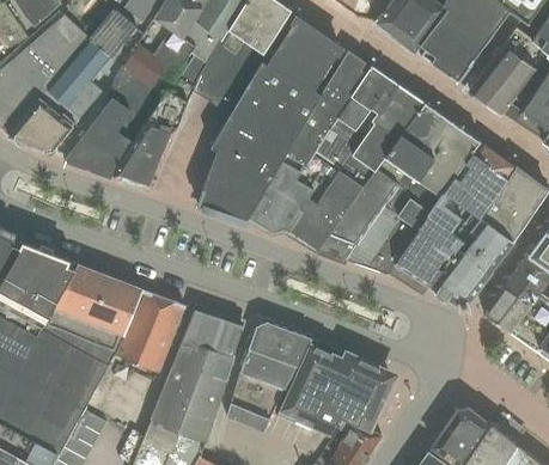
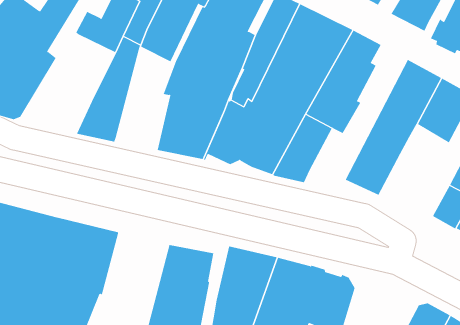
building: [63,69,164,177] -> none
building: [350,123,480,275] -> none
building: [429,214,513,304] -> none
building: [116,290,184,373] -> none

